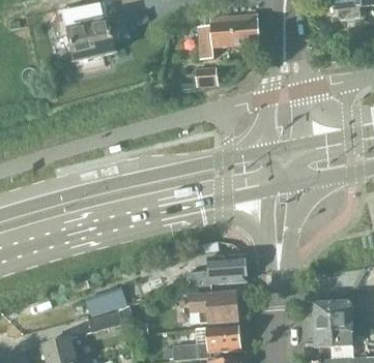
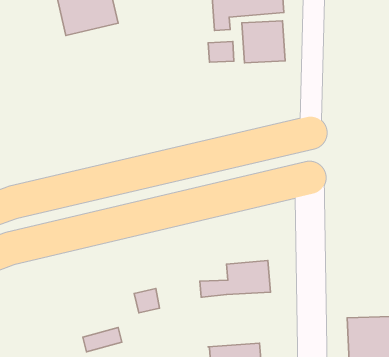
building: none -> [242,21,285,63]
building: [190,283,238,323] -> none
building: [86,286,133,319] -> none

